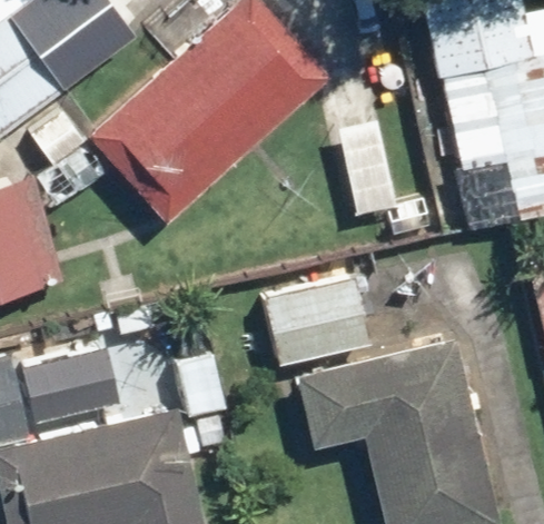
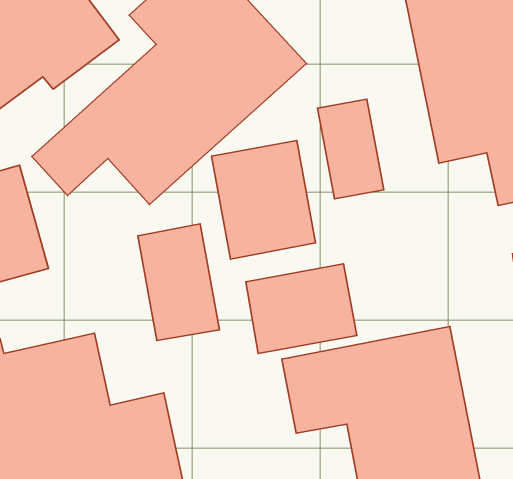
building: none -> [211,141,315,259]
building: none -> [138,224,219,341]

